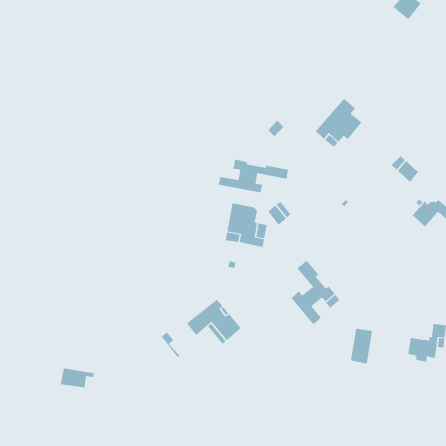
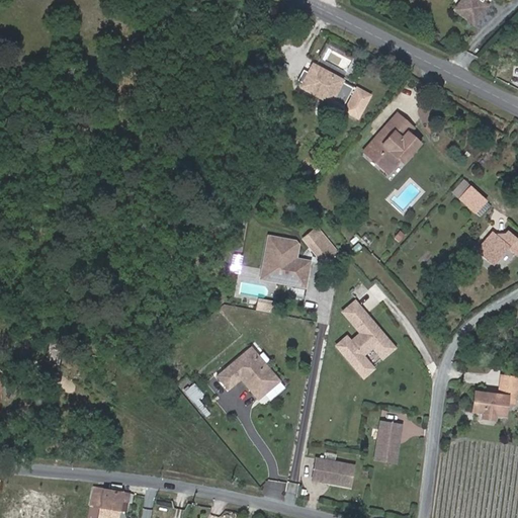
building: none -> [303,64,370,116]
building: [218,159,289,193] -> none
building: [350,328,373,364] -> [375,421,402,462]
building: [60,368,95,388] -> [91,487,132,510]
building: none -> [313,457,354,485]

